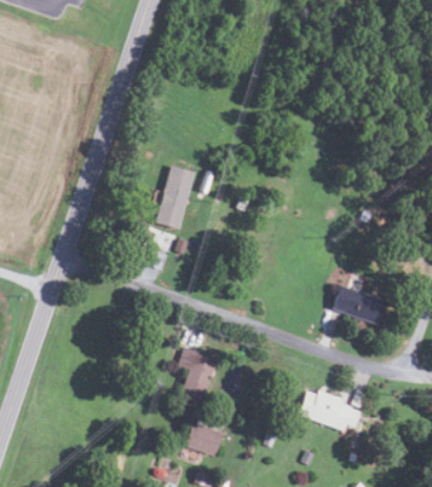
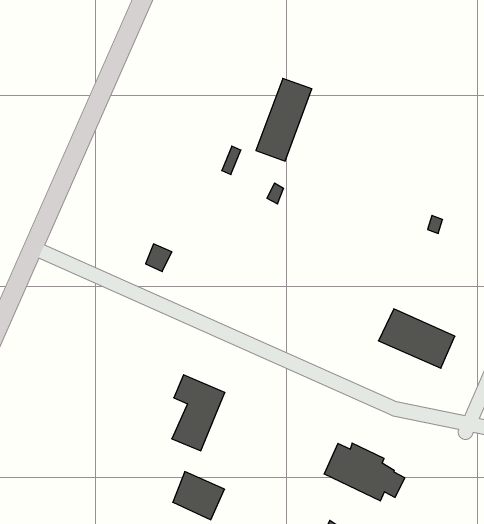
building: [155,164,194,227] -> [256,78,312,161]

